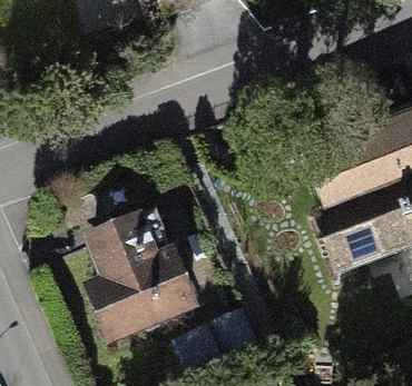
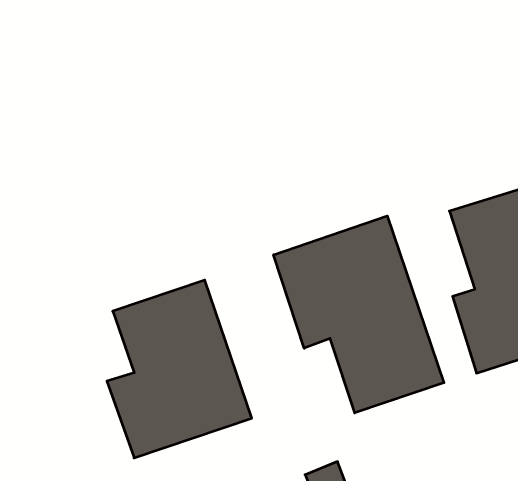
building: none -> [274,216,444,413]

